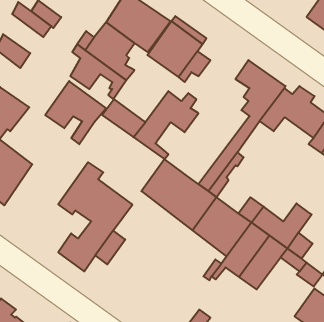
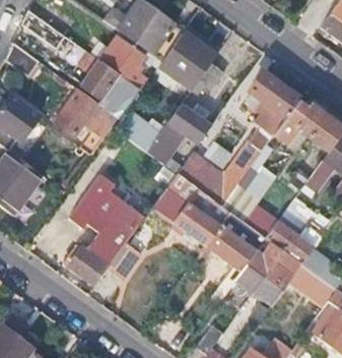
building: none -> [177,153,218,192]

